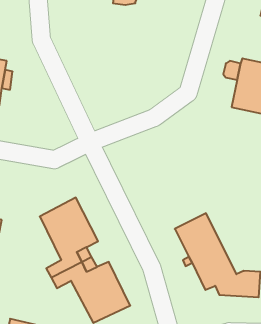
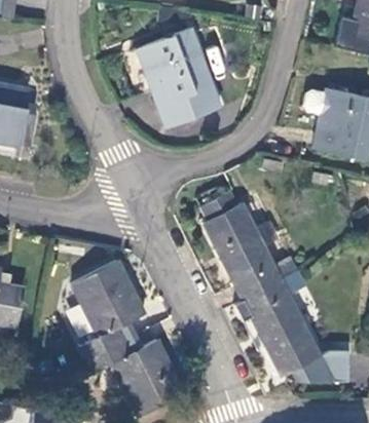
building: none -> [136,28,219,128]
building: none -> [199,192,299,300]

